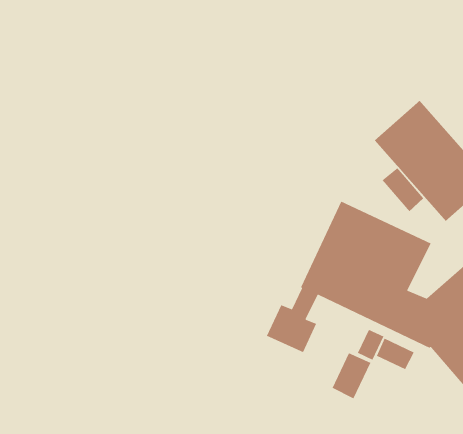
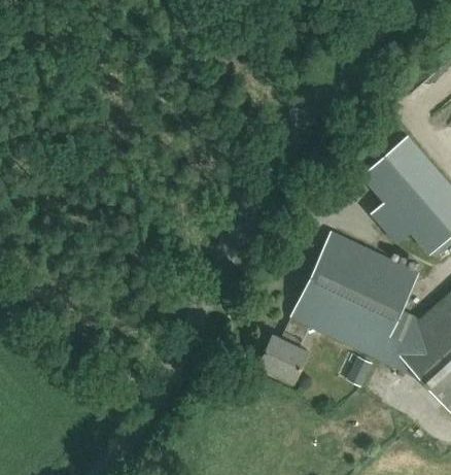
building: [376,337,415,370] -> none
building: [331,352,372,400] -> none

